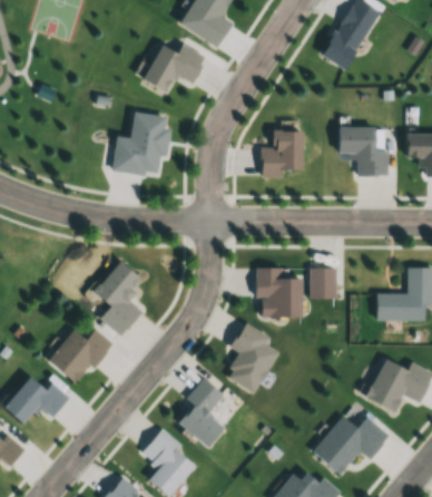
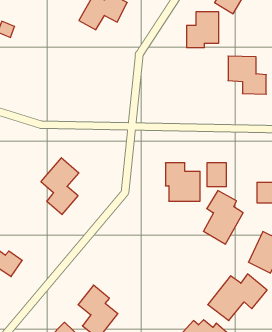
building: [112,111,170,174] -> none
building: [261,129,303,176] -> [187,12,219,48]
building: [226,322,278,392] -> [203,191,243,244]
building: [48,327,111,383] -> none
building: [178,377,224,447] -> none

